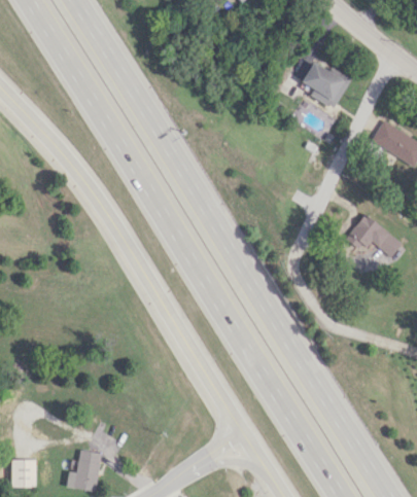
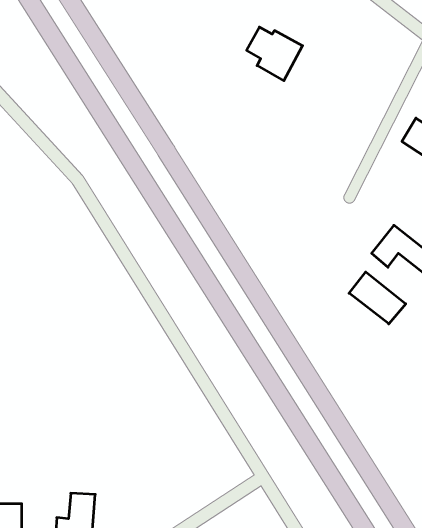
building: [301,62,350,109] -> [247,27,303,81]
building: none -> [349,272,406,324]

